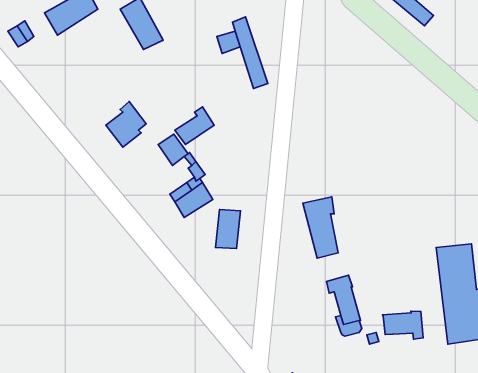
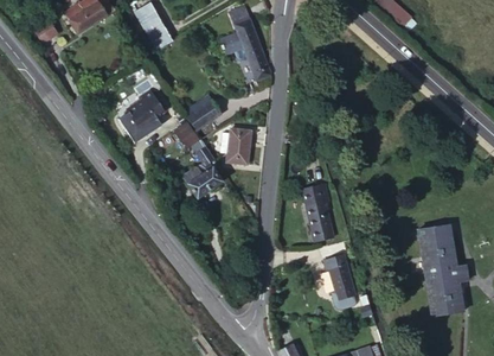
building: [216,210,240,249] -> [225,131,248,166]
building: [383,311,423,339] -> none

